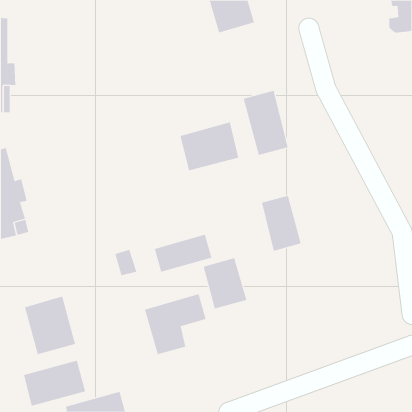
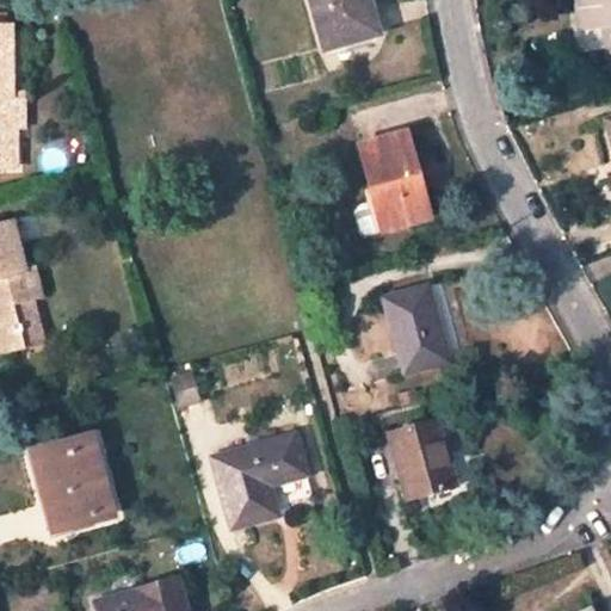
building: [180,121,239,171] -> none
building: [154,234,212,272] -> none
building: [203,258,247,309] -> [389,422,455,499]
building: [24,360,86,407] -> none

